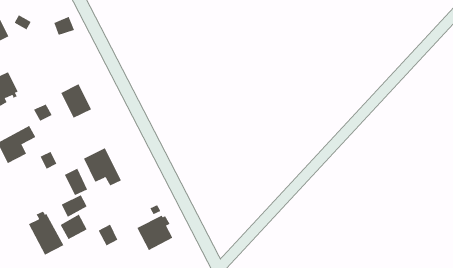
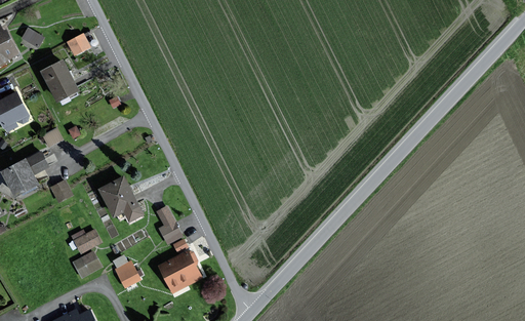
building: [60,83,92,119] -> [41,61,76,99]
building: [64,168,88,196] -> none
building: none -> [157,207,179,243]
building: [28,211,64,256] -> none

